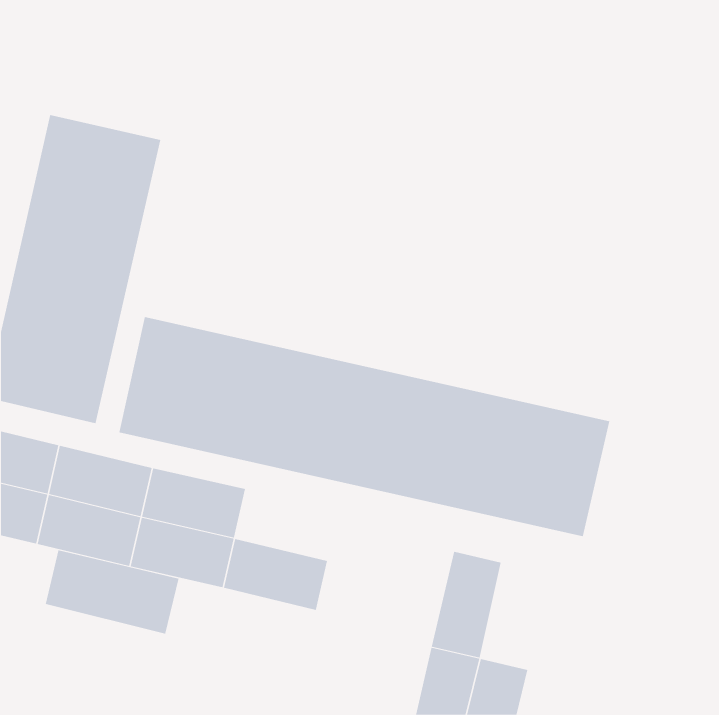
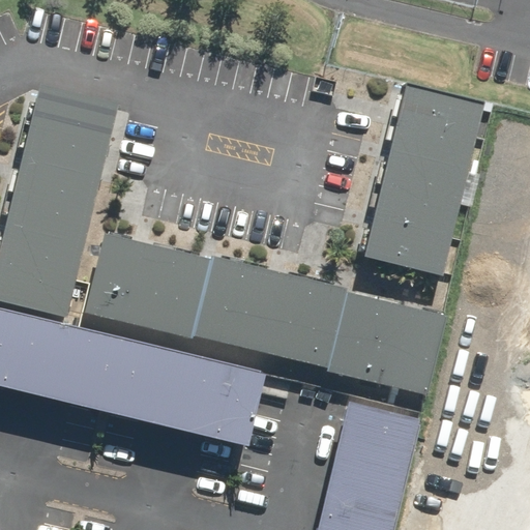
building: none -> [359,82,489,273]
building: none -> [174,358,252,411]
building: [45,550,179,635] -> none
building: none -> [354,412,406,491]

